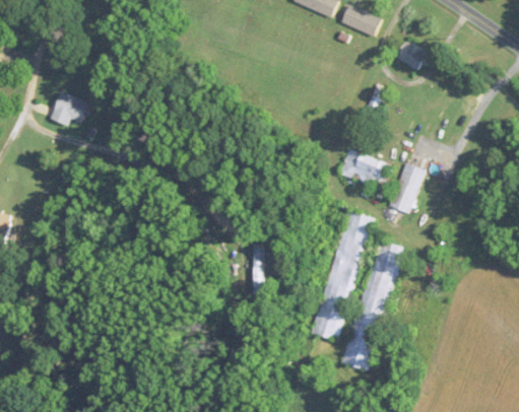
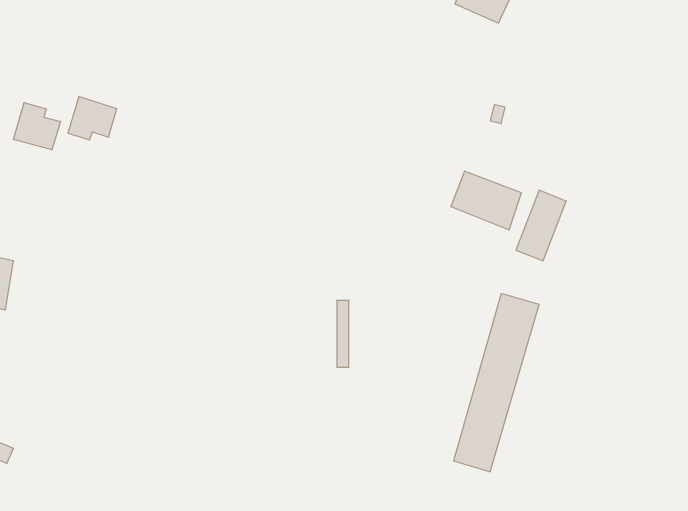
building: [396,41,432,71] -> none
building: none -> [13,103,61,150]
building: [312,209,372,341] -> none

